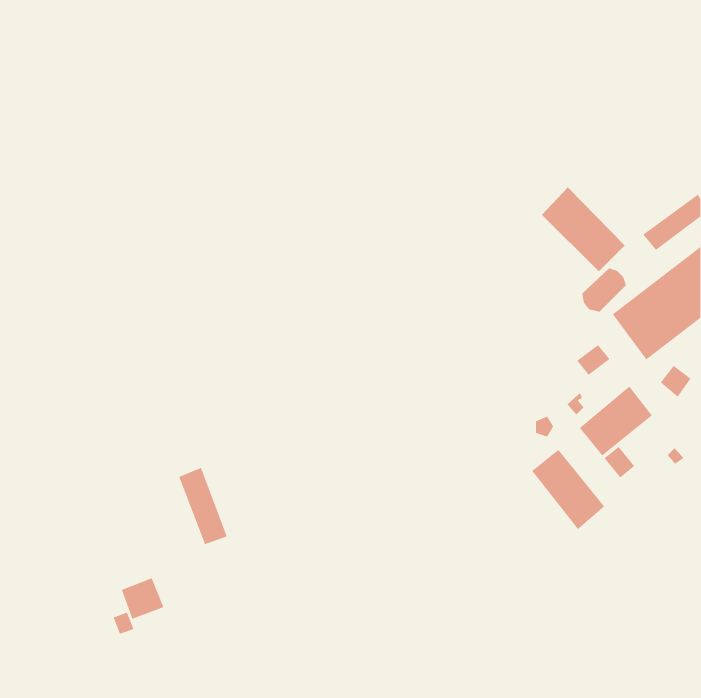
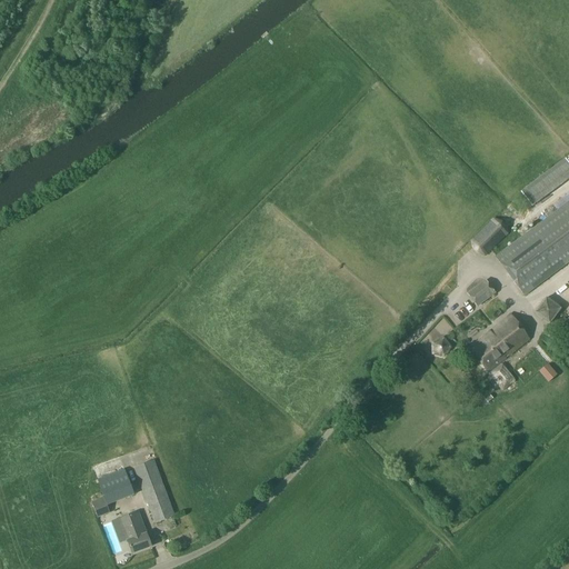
building: [541,187,625,272] -> none
building: [531,449,605,530] -> none
building: [178,467,228,545] -> [134,458,174,521]
building: none -> [119,510,152,552]

